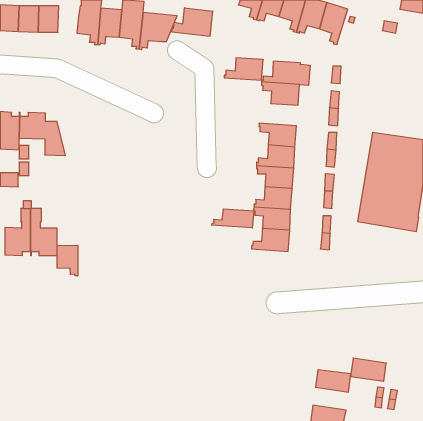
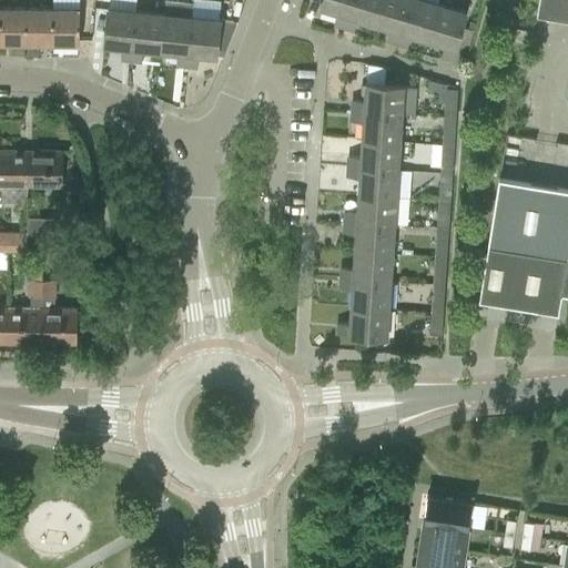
building: [172,8,213,36] -> none
building: [224,58,263,80] -> [347,141,399,171]
building: [212,209,254,228] -> none
building: [57,245,78,276] -> none
building: [351,358,386,381] -> [419,521,467,552]

